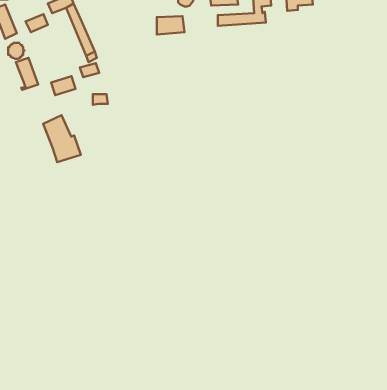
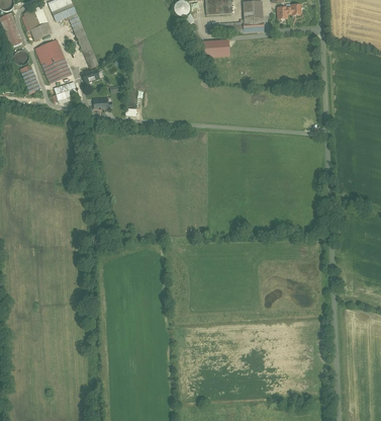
building: [157,16,185,34] -> [203,39,229,57]
building: [43,115,81,162] -> [37,38,73,83]

